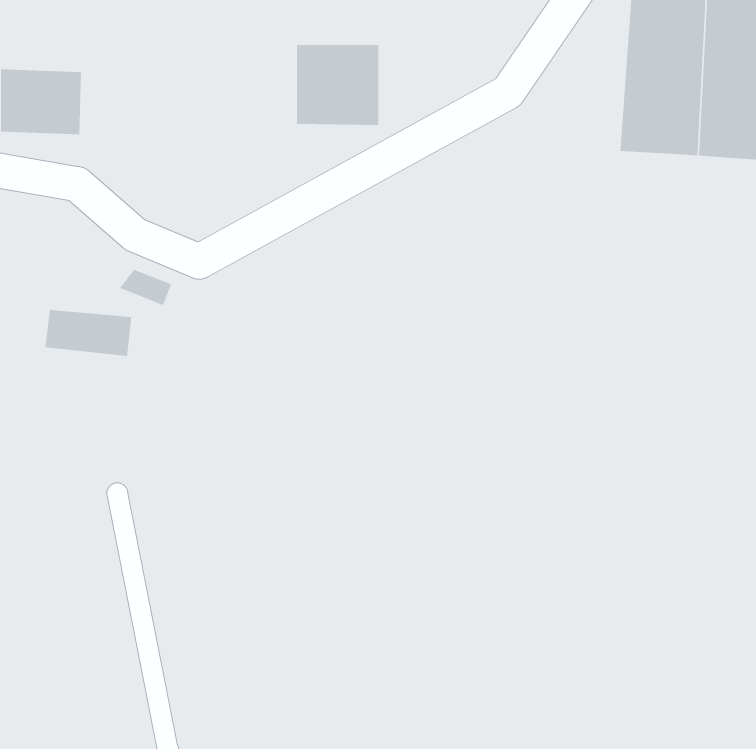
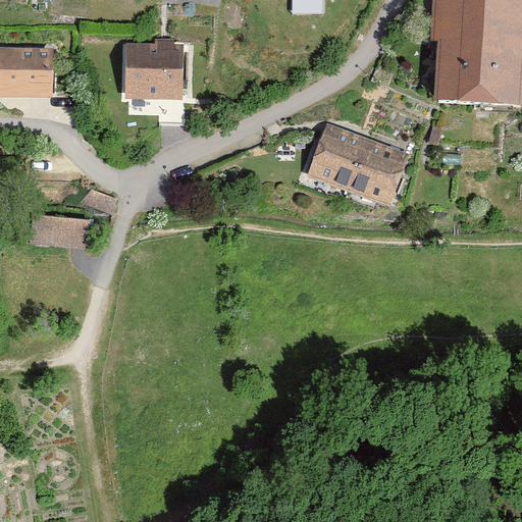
building: [296,44,379,126] -> [128,41,186,97]
building: none -> [298,124,394,203]

